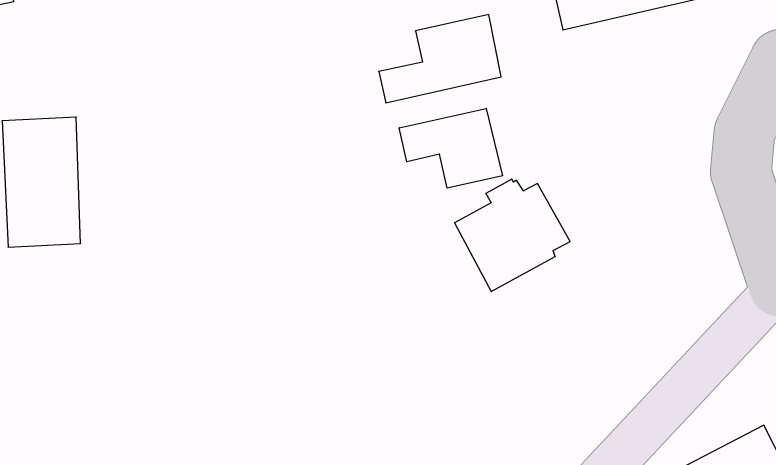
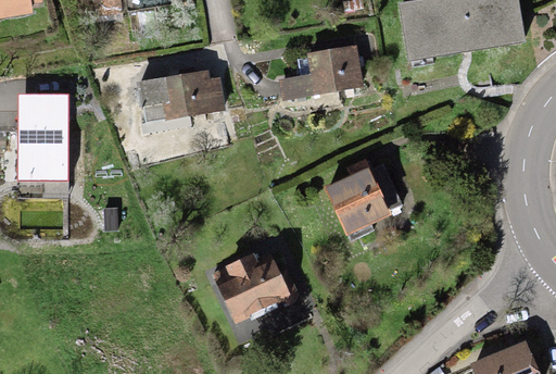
building: none -> [137,68,225,121]
building: [399,108,503,188] -> none
building: none -> [218,253,299,323]

